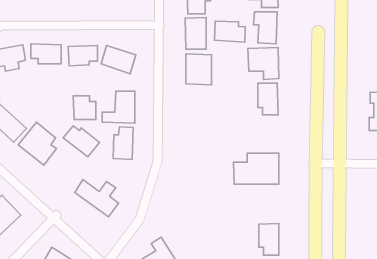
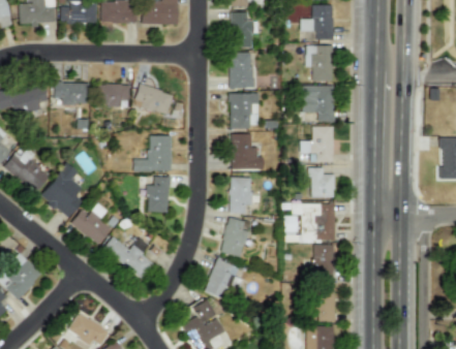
building: [215,21,245,42] -> none
building: none -> [232,133,264,169]
building: [73,96,96,120] -> none
building: none -> [309,167,335,197]
building: [63,126,100,157] -> [70,210,112,245]
building: none -> [230,177,252,213]
building: none -> [221,217,246,256]
building: none -> [312,244,335,280]
building: none -> [204,258,238,299]

